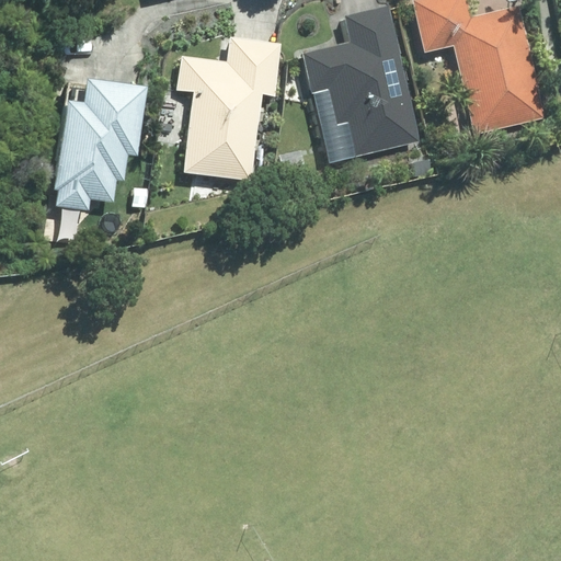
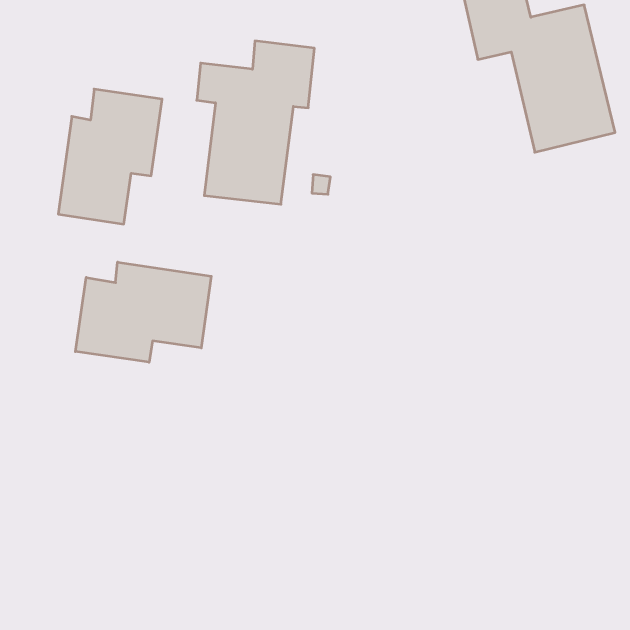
building: [300,5,419,156] -> none
building: none -> [75,262,211,362]

